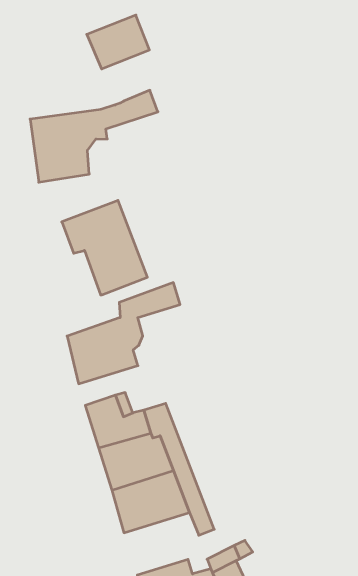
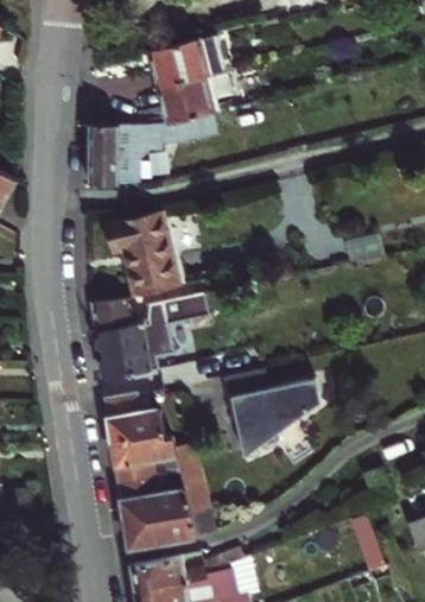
building: none -> [163,70,229,121]
building: none -> [93,283,203,332]
building: none -> [226,369,321,458]
building: none -> [125,514,195,550]

